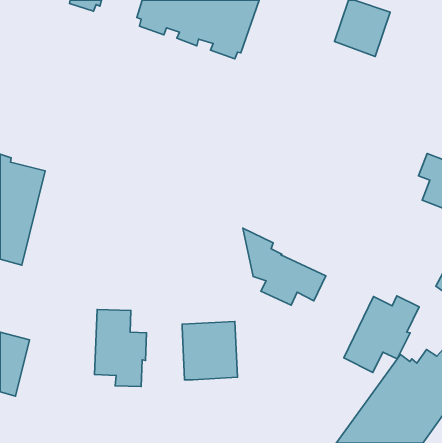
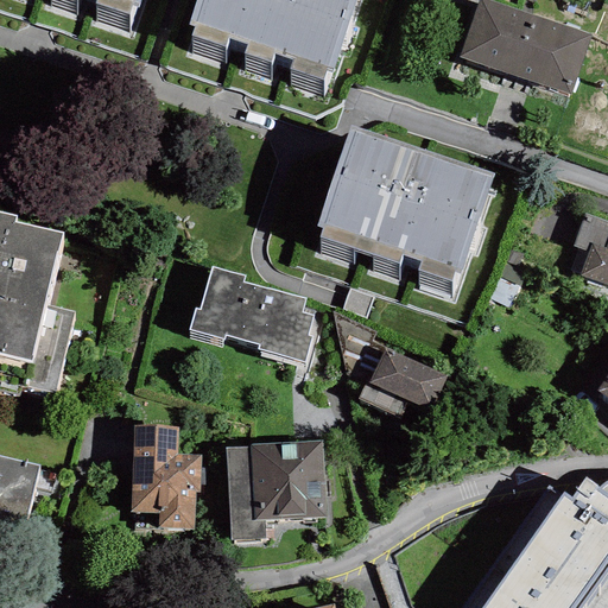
building: none -> [515,17,593,96]
building: none -> [317,126,495,281]
building: none -> [190,267,314,363]
building: [344,296,419,373] -> none
building: none -> [227,448,266,542]

